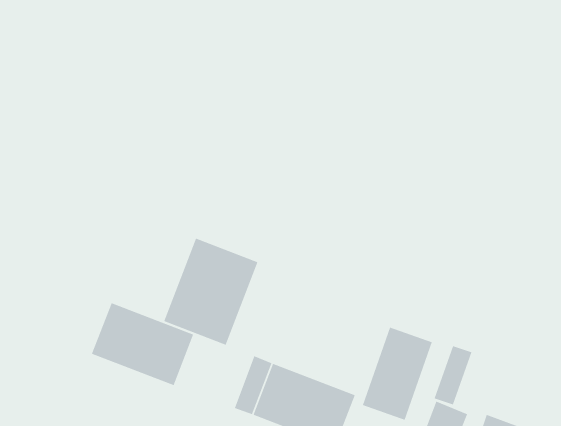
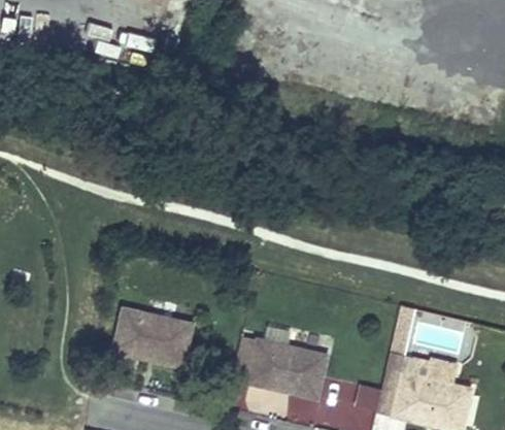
building: [163,237,259,346] -> none
building: [362,327,433,421] -> none

